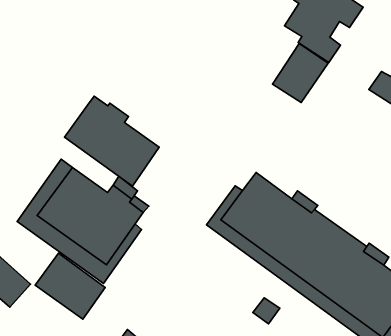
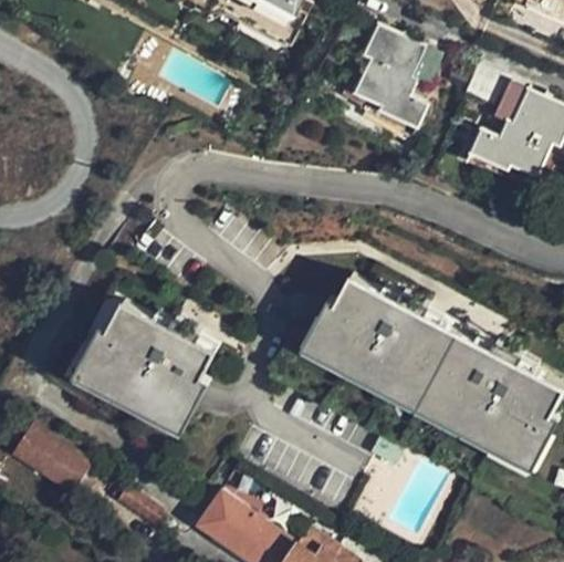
building: [273,44,328,103] -> none
building: [64,96,159,186] -> none
building: [35,253,105,319] -> none

